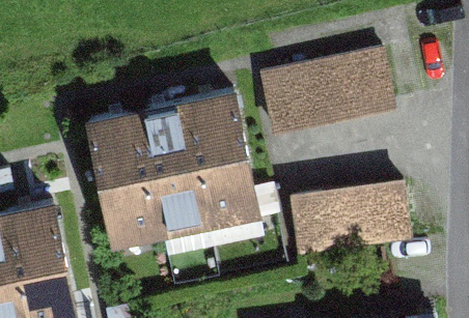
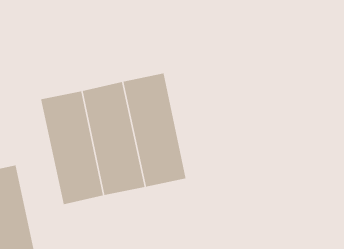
building: [257,51,394,138] -> none
building: [286,181,412,262] -> none

